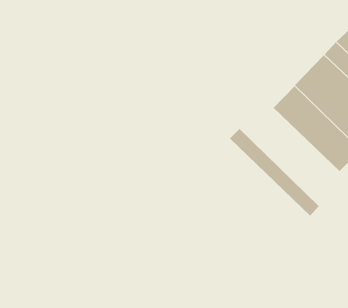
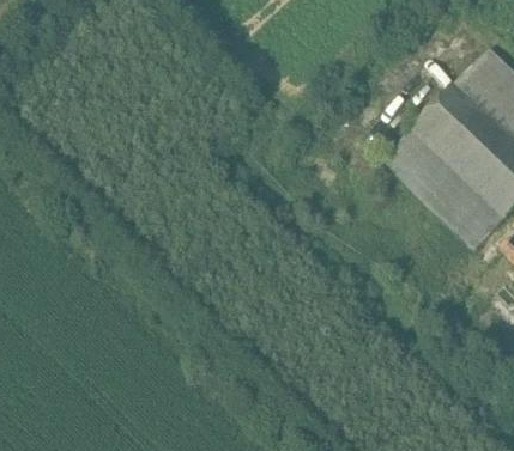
building: [229,128,319,216] -> none

